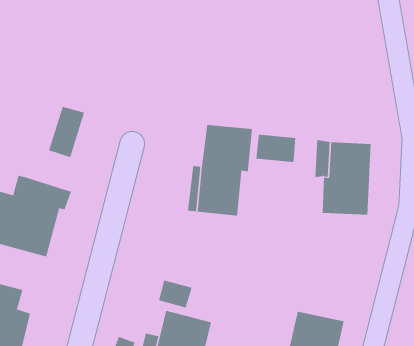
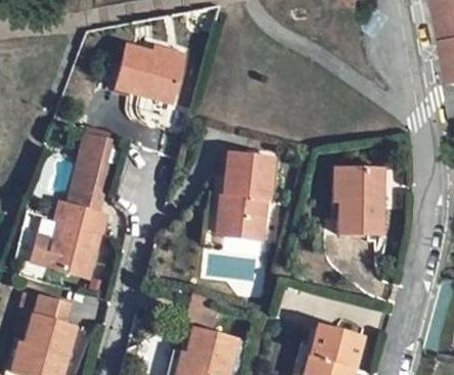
building: none -> [116,41,183,101]
building: none -> [61,131,102,212]
building: [256,134,296,163] -> none

